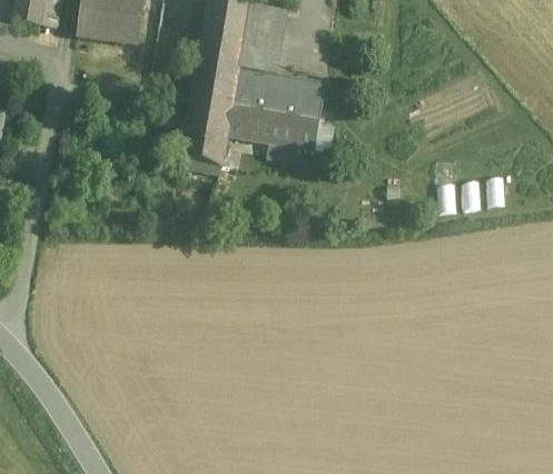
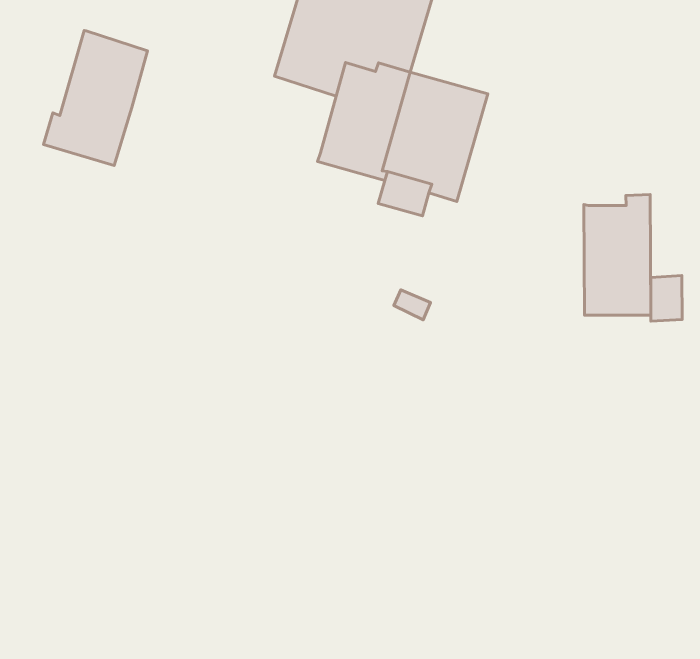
building: [177,87,234,167] -> [44,31,148,166]
building: none -> [584,195,651,315]

